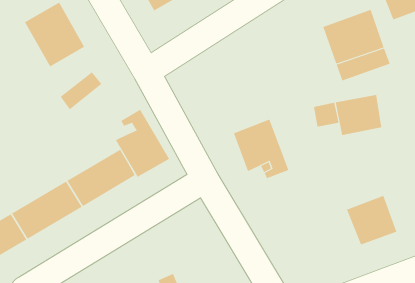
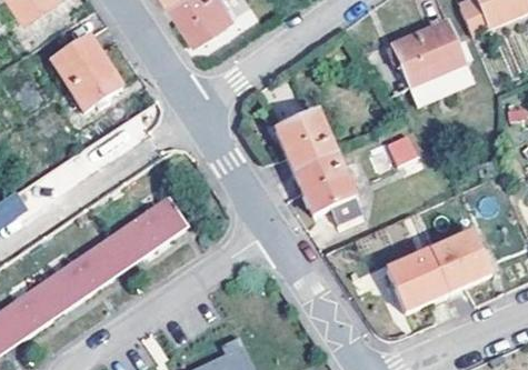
building: none -> [277,111,337,172]
building: [335,94,382,136] -> none
building: [115,109,170,177] -> none
building: none -> [388,252,449,311]

